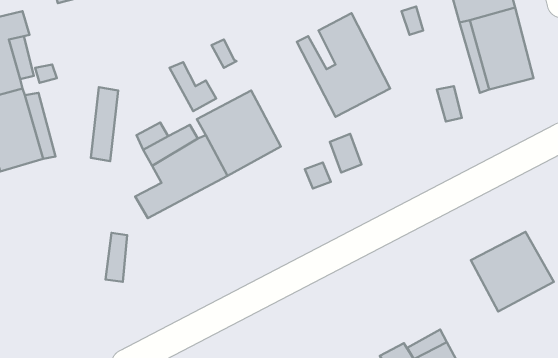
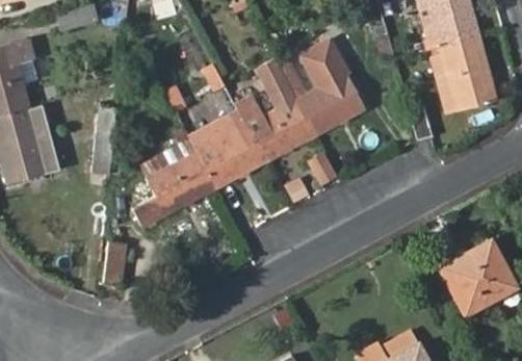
building: none -> [236,58,315,161]

